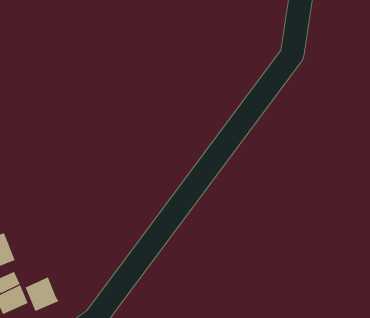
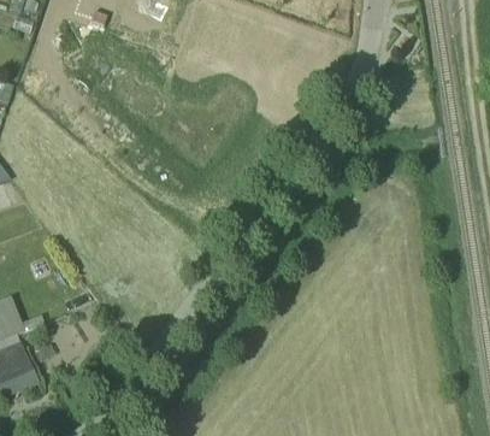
building: [25,276,59,312] -> none

